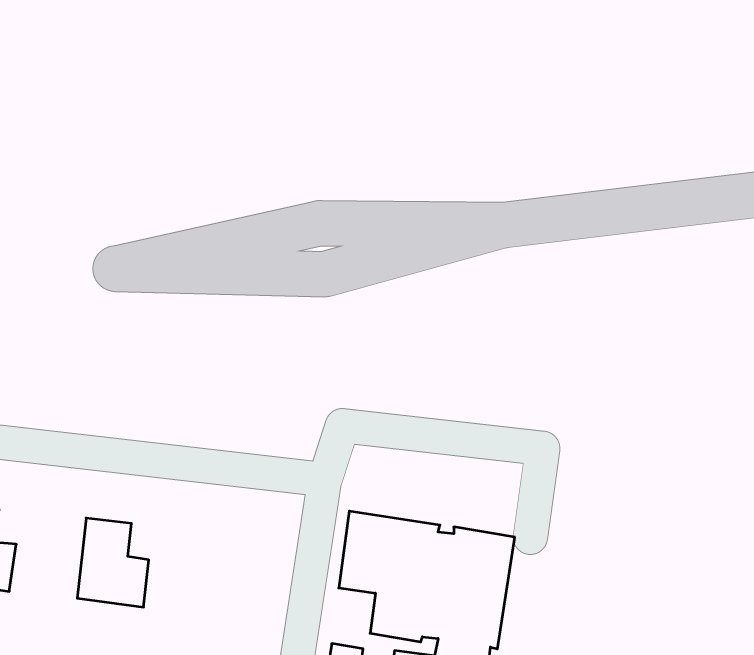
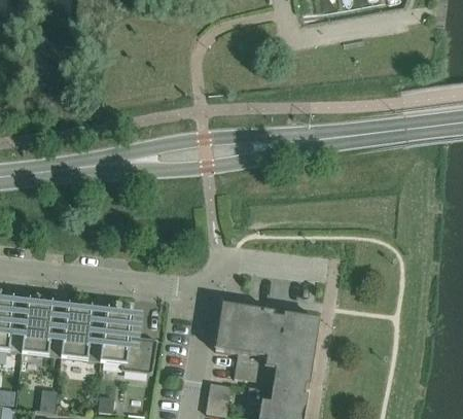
building: none -> [22,303,65,354]
building: none -> [101,312,157,371]

